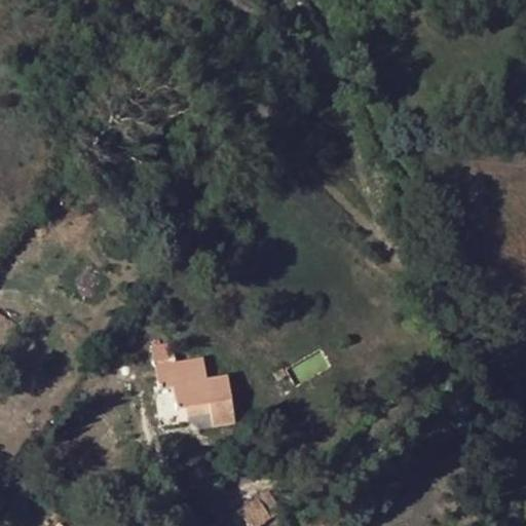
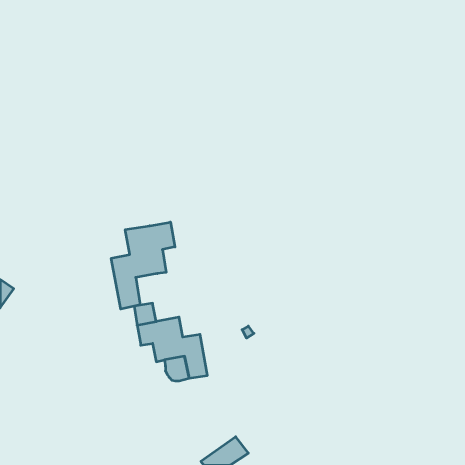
building: none -> [111,222,175,309]

